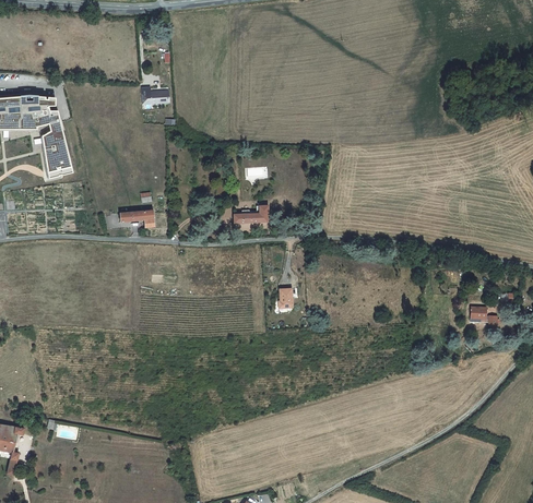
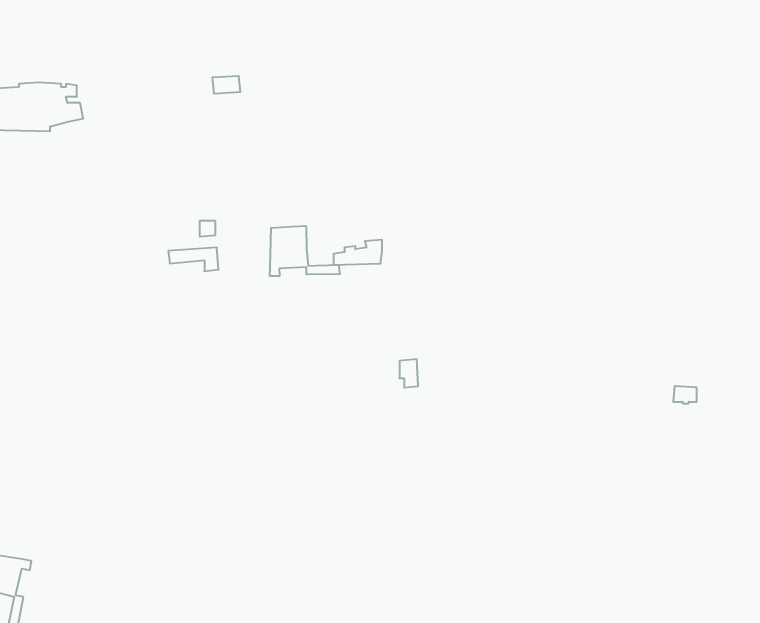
building: [42,121,72,172] -> none
building: none -> [270,226,340,276]

